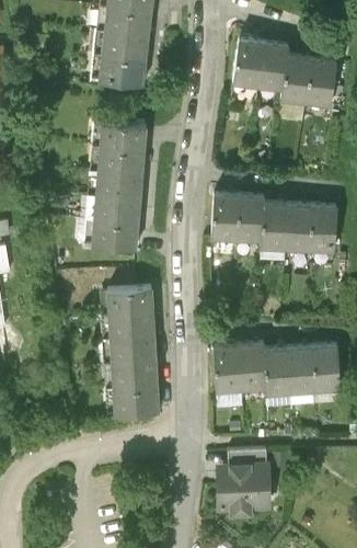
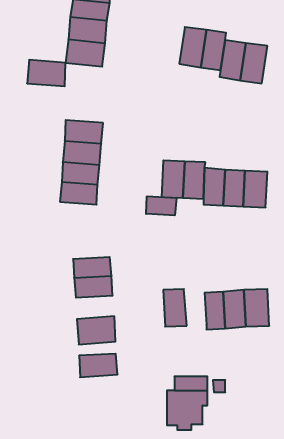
building: [100,123,145,153] -> [27,60,66,86]
building: none -> [146,196,176,215]
building: [107,288,151,312] -> none
building: [238,346,264,390] -> none
building: [112,355,157,383] -> [79,354,118,377]

